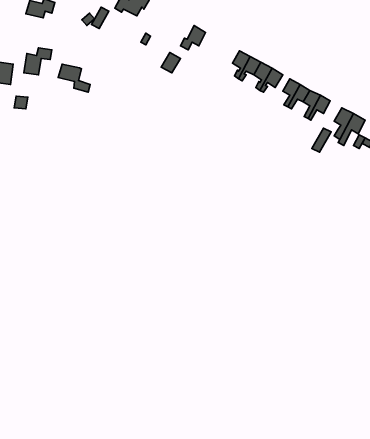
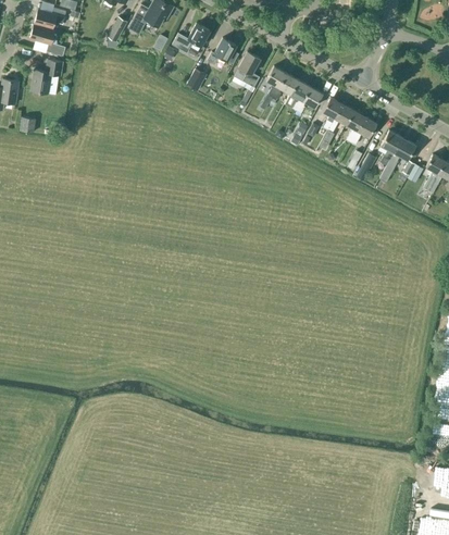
building: none -> [172,22,210,52]
building: none -> [234,50,260,86]
building: [58,64,90,92] -> [29,24,65,55]

